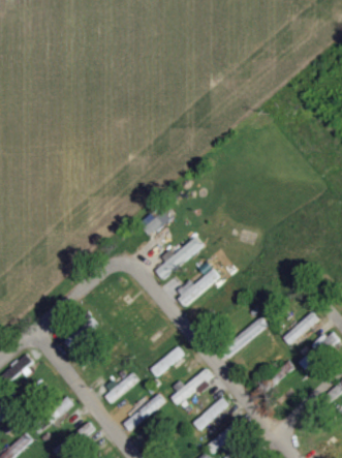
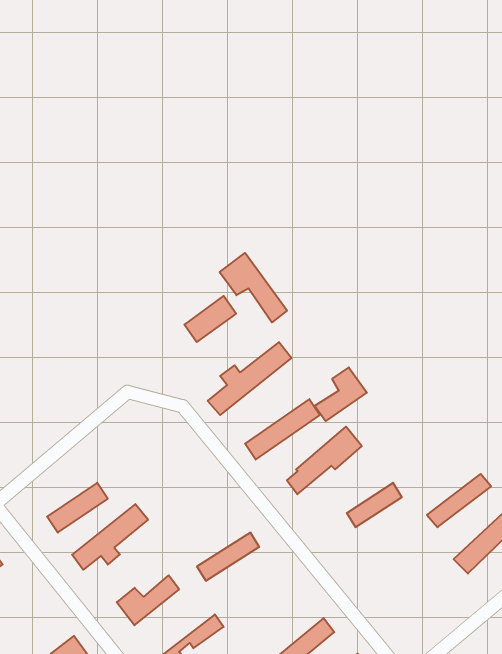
building: none -> [220,253,287,322]
building: none -> [314,367,367,421]
building: none -> [72,504,148,570]
building: [170,366,214,405] -> [287,427,362,494]

